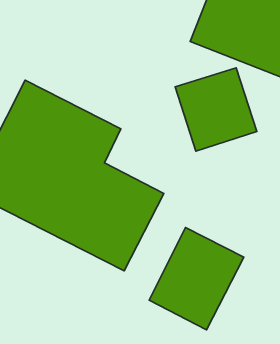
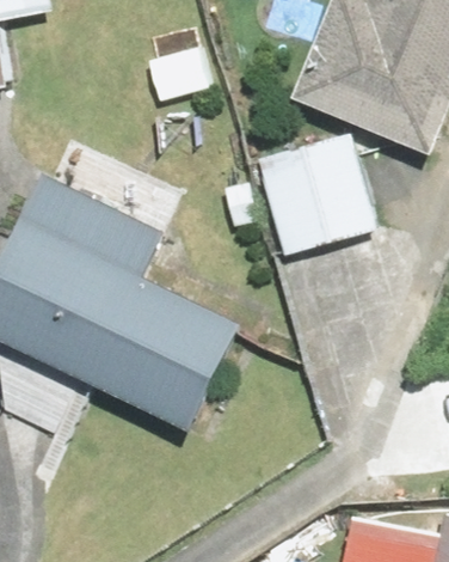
building: [149,228,244,330] -> none

